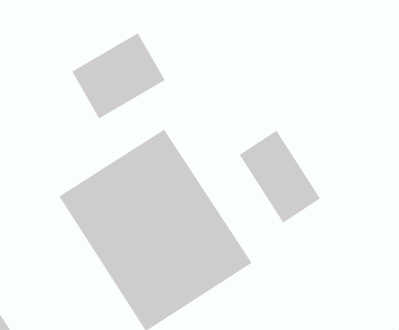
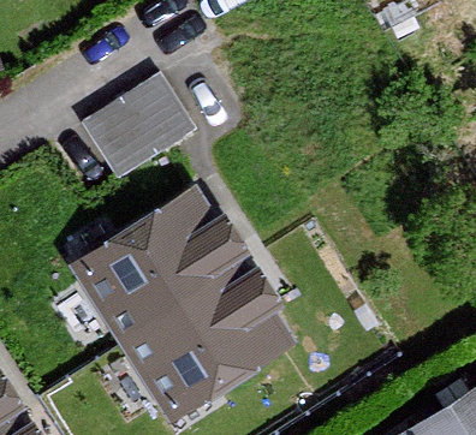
building: [239,130,321,223] -> none

